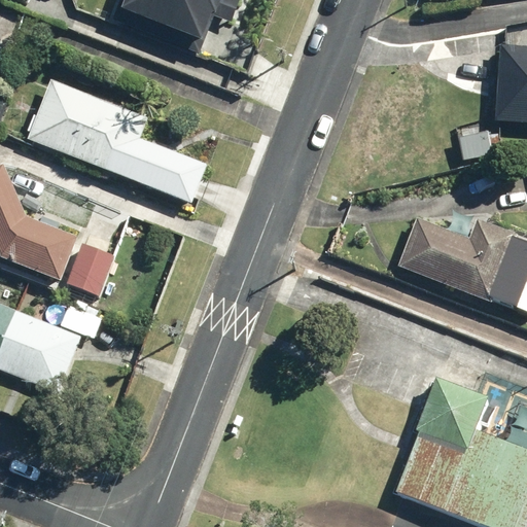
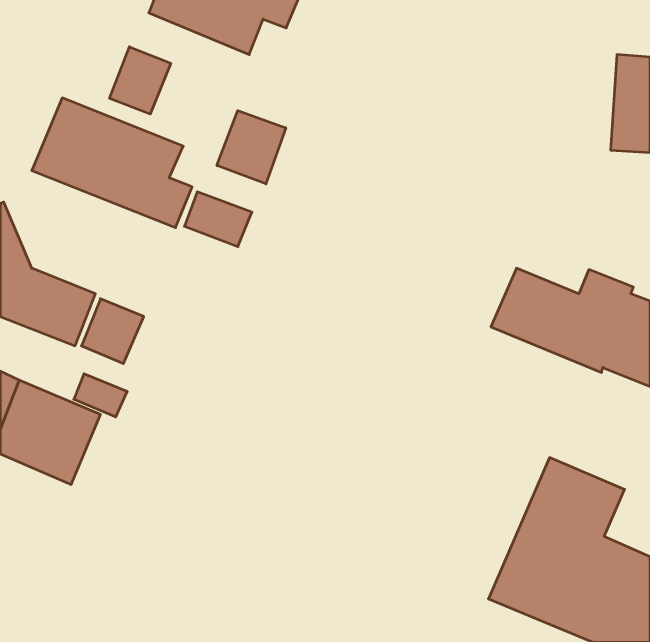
building: none -> [110,47,171,114]
building: none -> [217,111,286,184]

